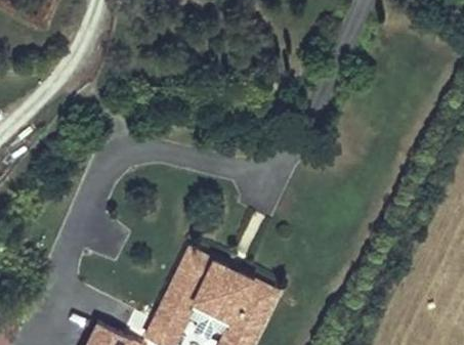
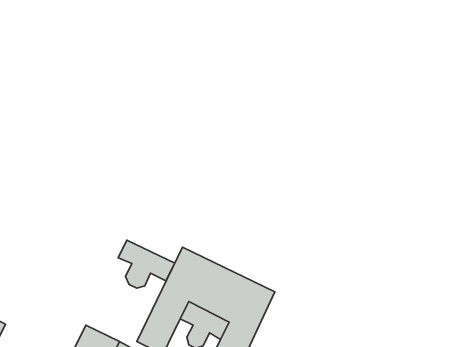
building: none -> [118,240,175,288]

